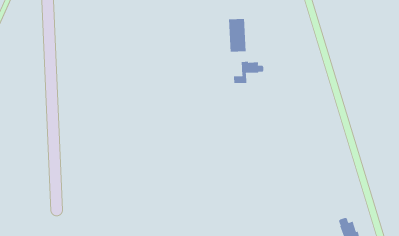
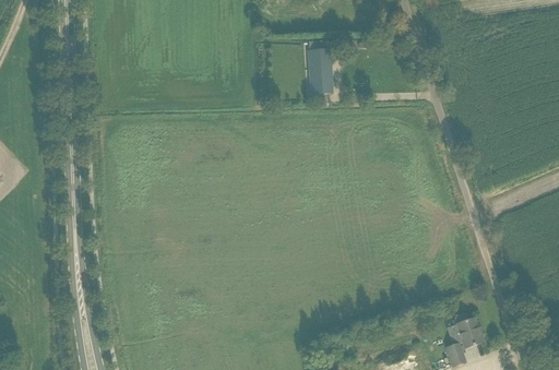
building: [233,61,264,84] -> none

